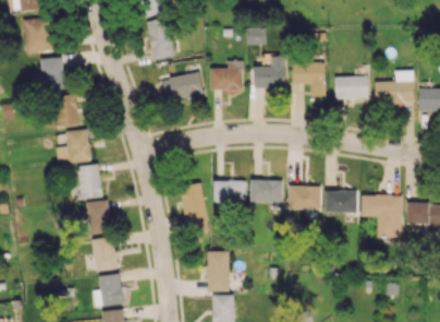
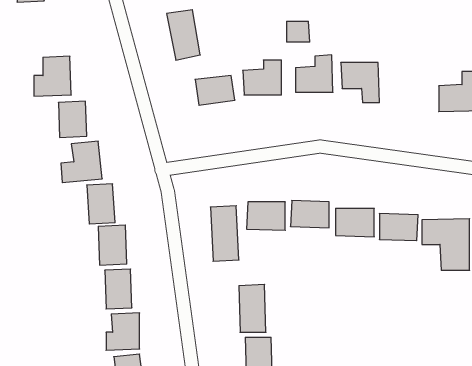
building: [24,17,52,51] -> none
building: [334,75,368,98] -> none

